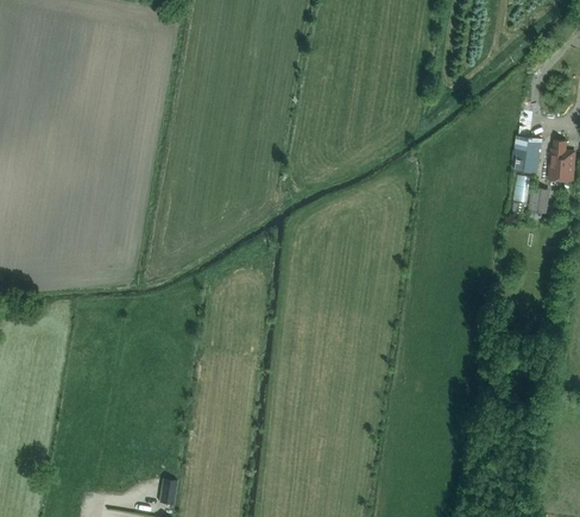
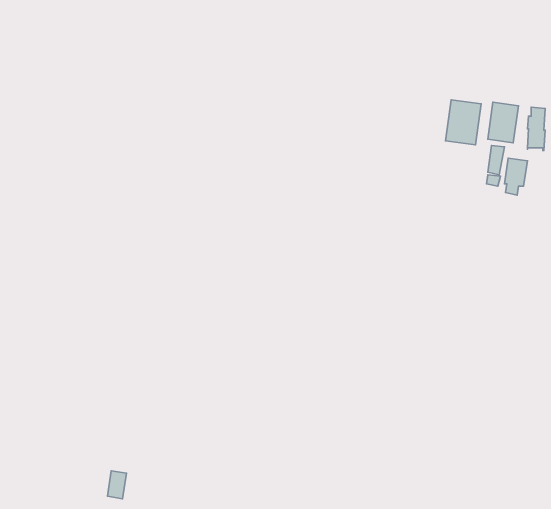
building: none -> [445,100,481,145]

